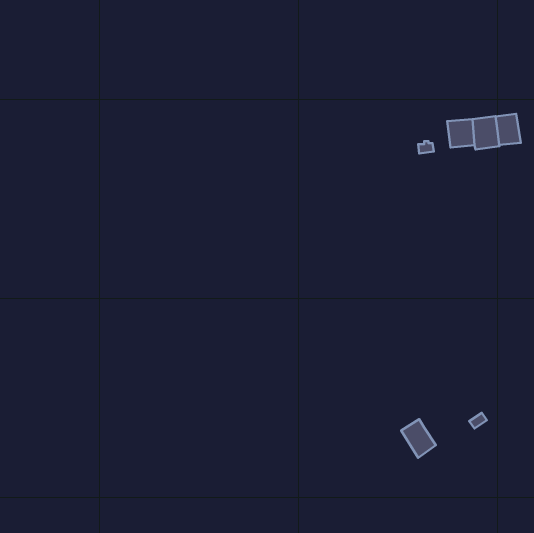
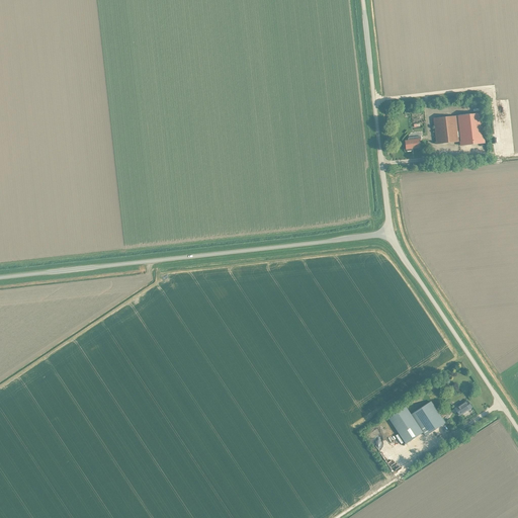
building: [495,114,521,145] -> none
building: none -> [411,401,444,435]

